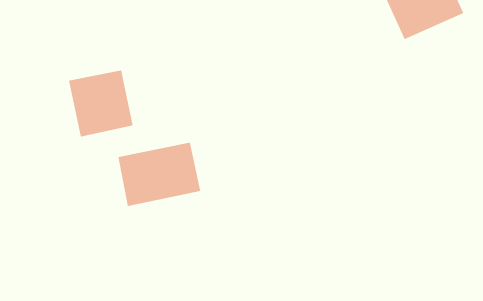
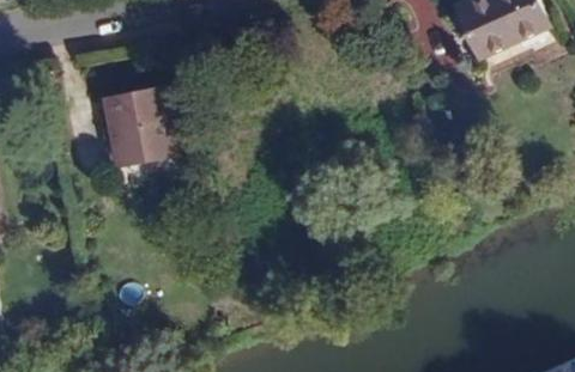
building: [118,142,201,207] -> none

